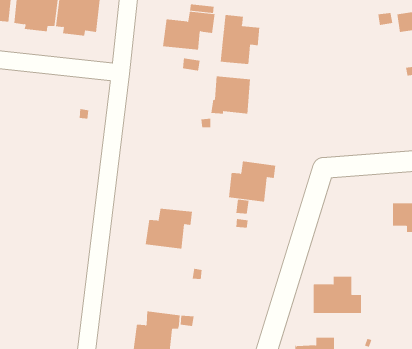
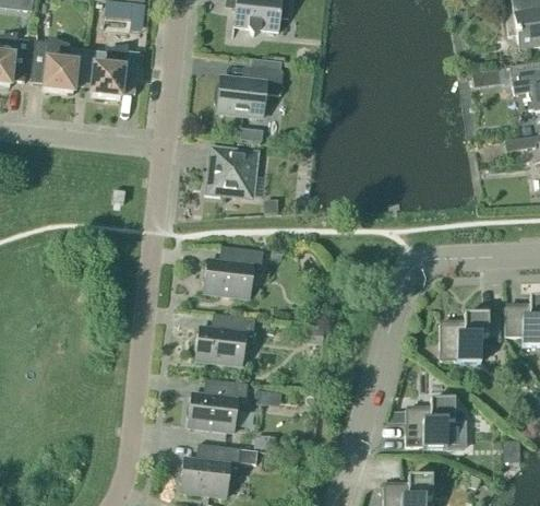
building: [220,14,260,65] -> none
building: [211,76,251,114] -> [205,148,255,196]
building: [228,161,276,202] -> [204,246,264,297]
building: none -> [440,313,501,361]
building: none -> [188,378,248,432]

